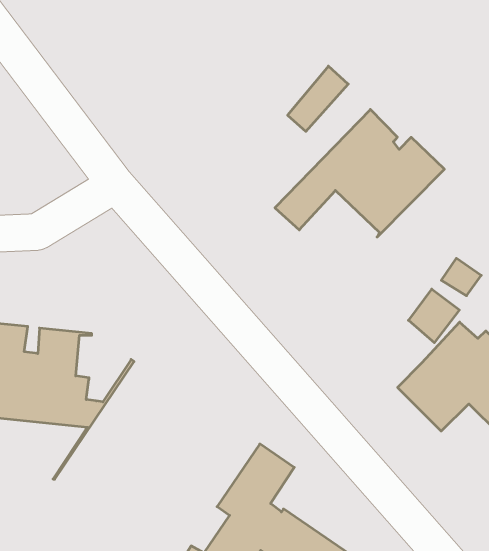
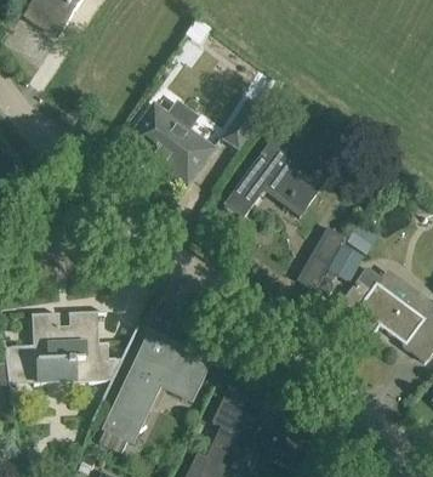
building: none -> [127,103,212,184]
building: none -> [297,227,343,290]
building: none -> [98,333,209,454]

